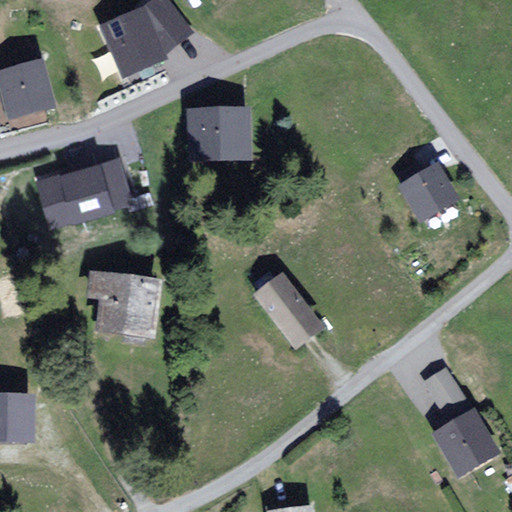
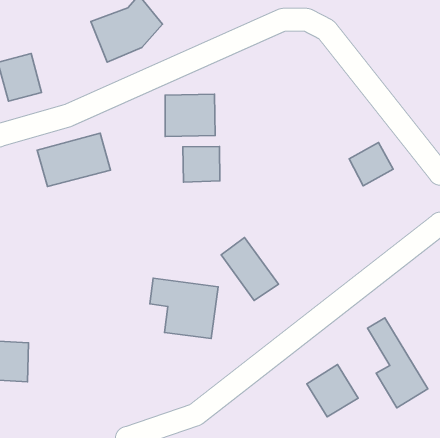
building: none -> [183,146,220,182]
building: [85,270,164,340] -> [150,278,218,339]
building: none -> [307,364,358,417]

